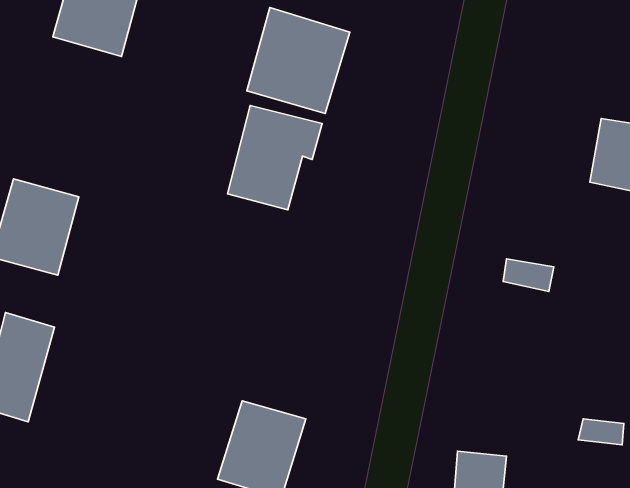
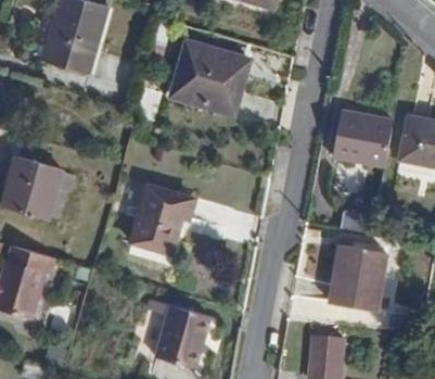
building: none -> [332,108,394,165]
building: [227,106,322,210] -> [130,185,193,254]
building: none -> [331,242,386,308]

